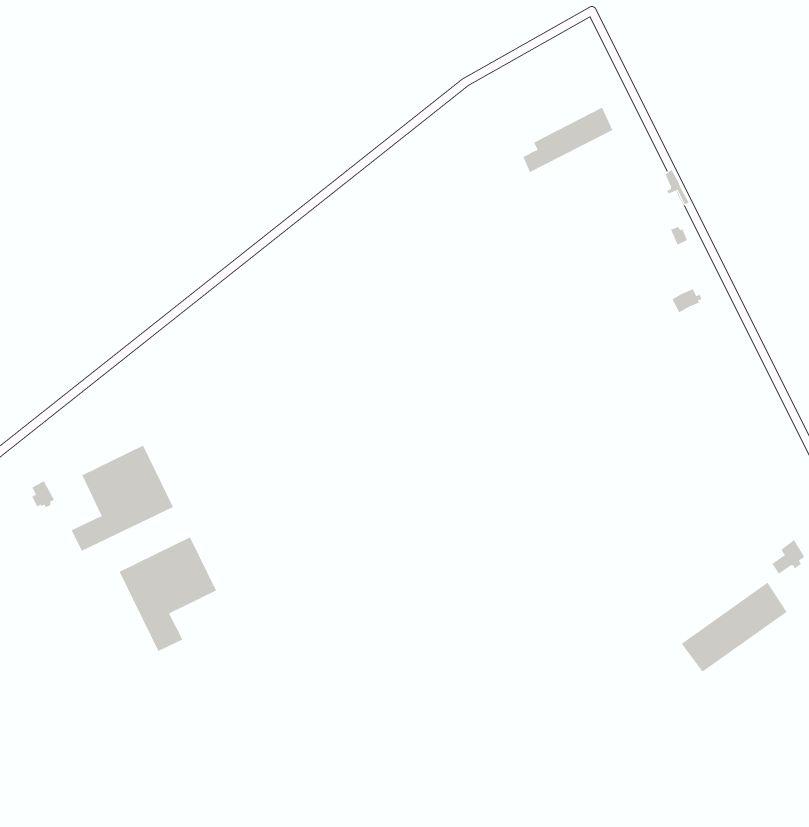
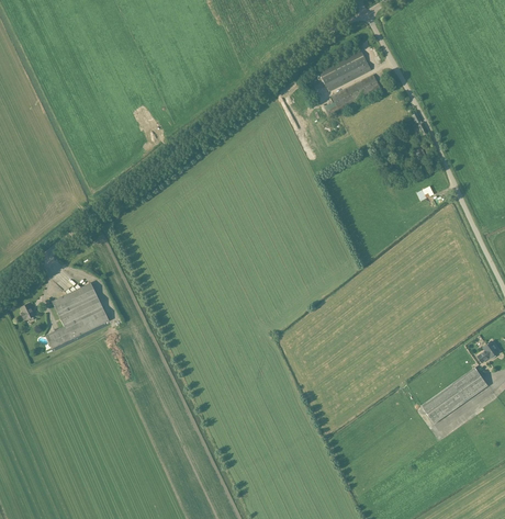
building: none -> [318,48,371,91]
building: [119,537,217,652] -> none

